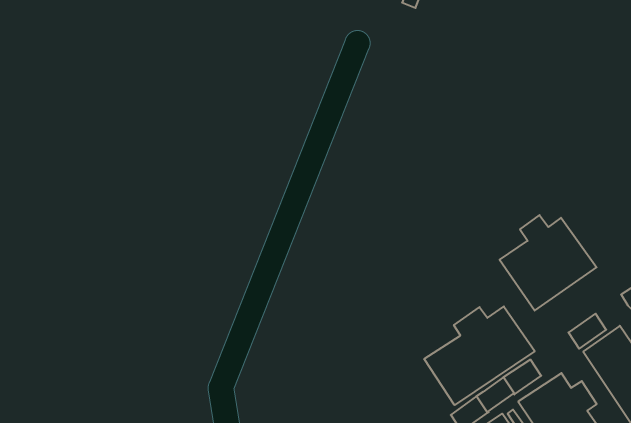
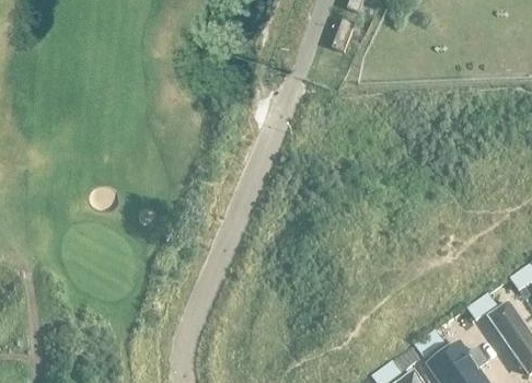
building: [500,215,597,311] -> none
building: [424,306,535,405] -> none

